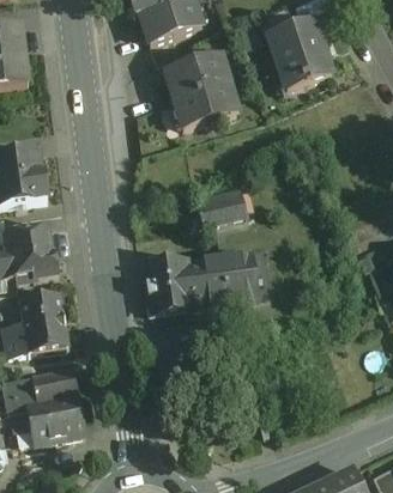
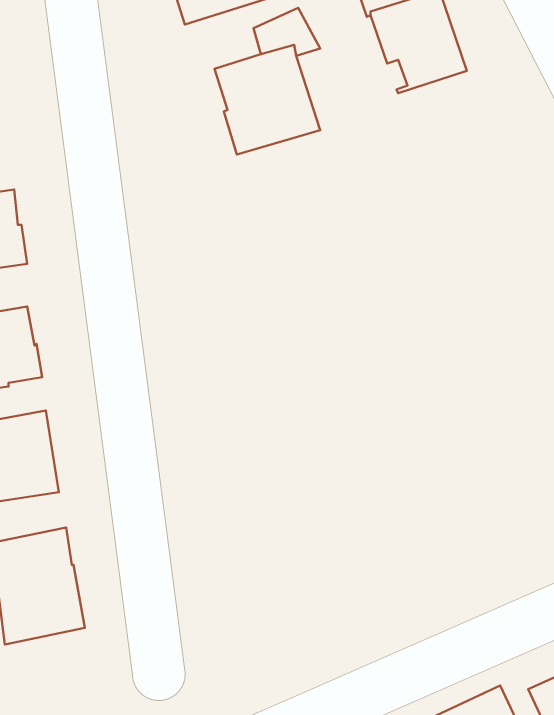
building: [197,188,246,217] -> none
building: [145,252,255,312] -> none

